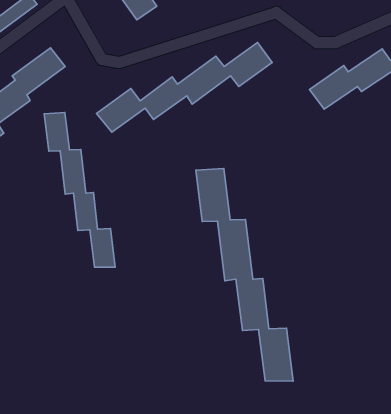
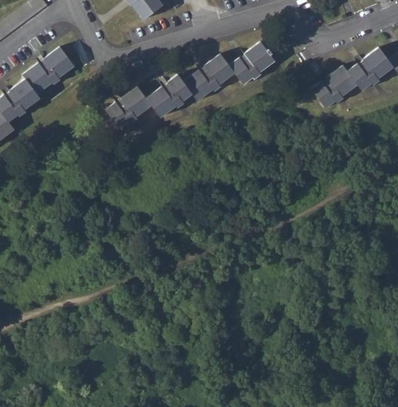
building: [44,112,115,267] -> none
building: [196,168,293,381] -> none

